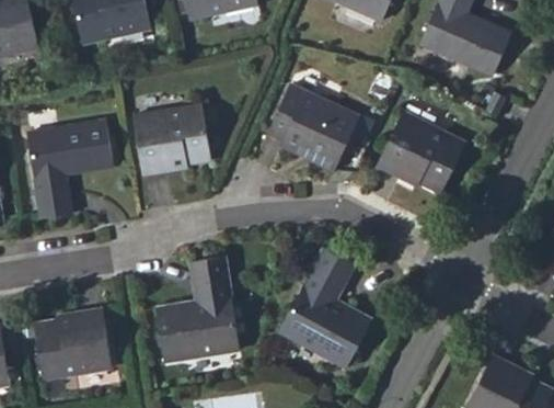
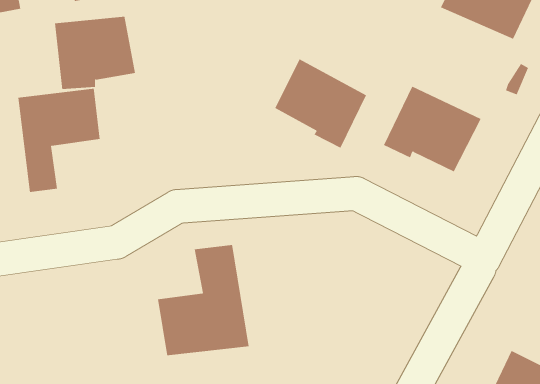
building: [130,106,206,174] -> [54,16,136,90]
building: [284,250,378,371] -> none
building: [39,310,113,381] -> none

